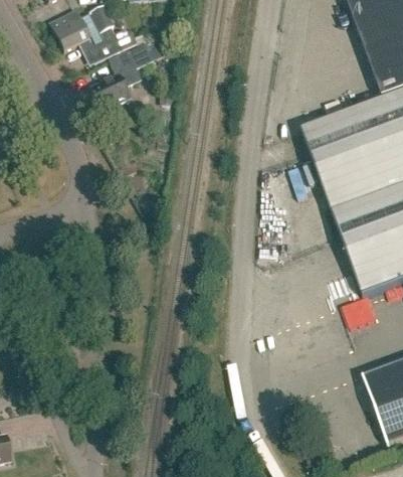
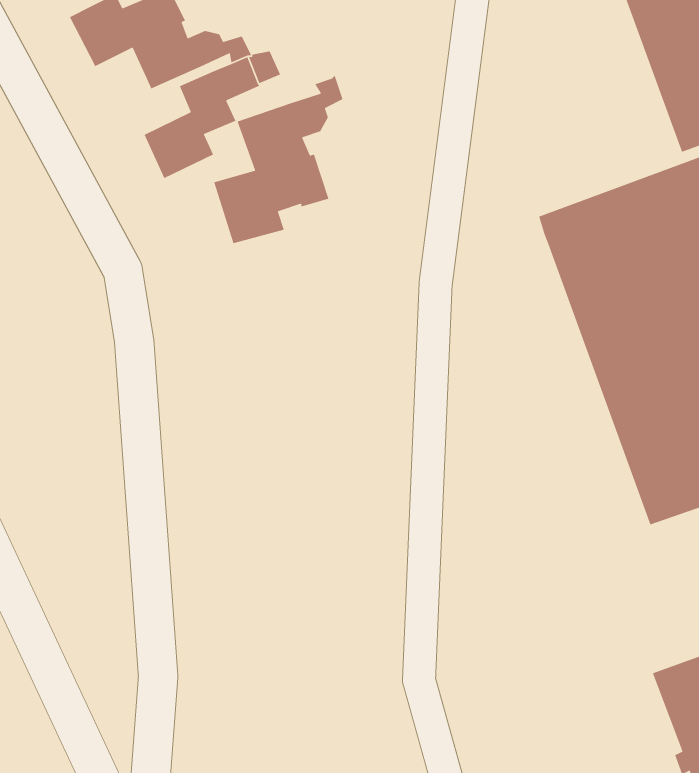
building: none -> [213,75,343,244]

